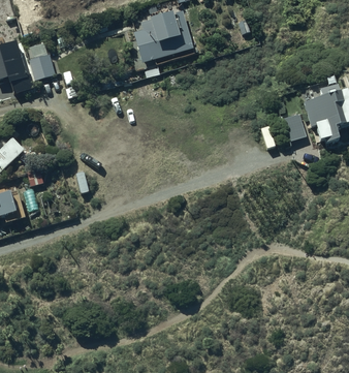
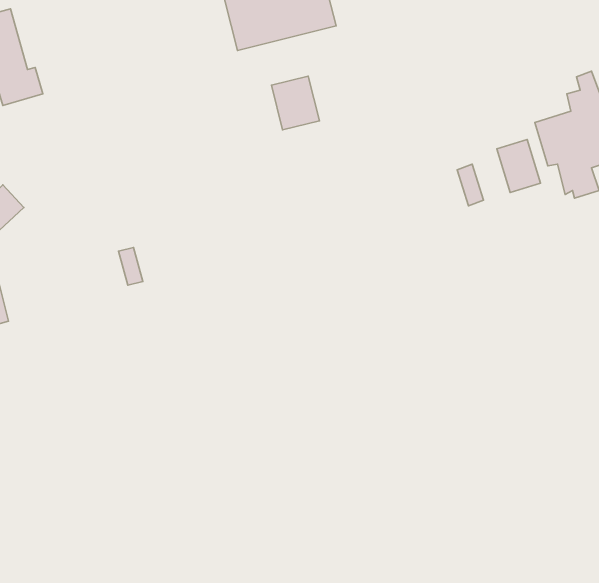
building: [27,40,57,80] -> none
building: none -> [272,76,319,130]

